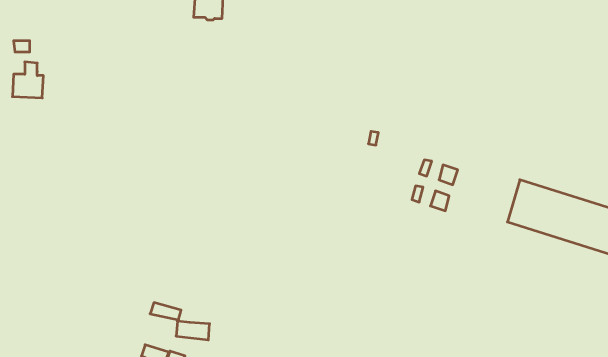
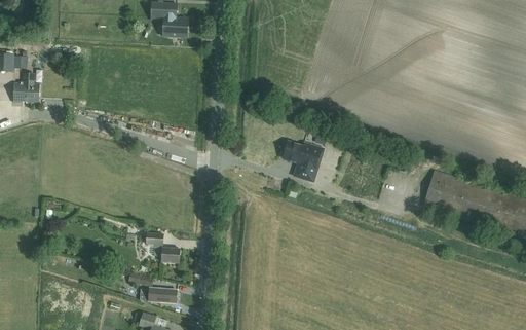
building: none -> [280,140,323,181]
building: none -> [145,231,179,262]

